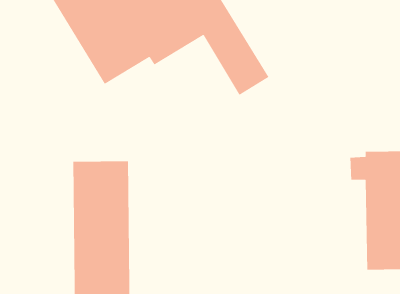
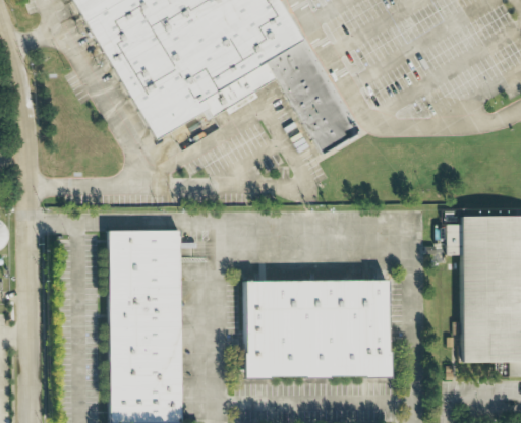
building: none -> [248,279,394,377]

